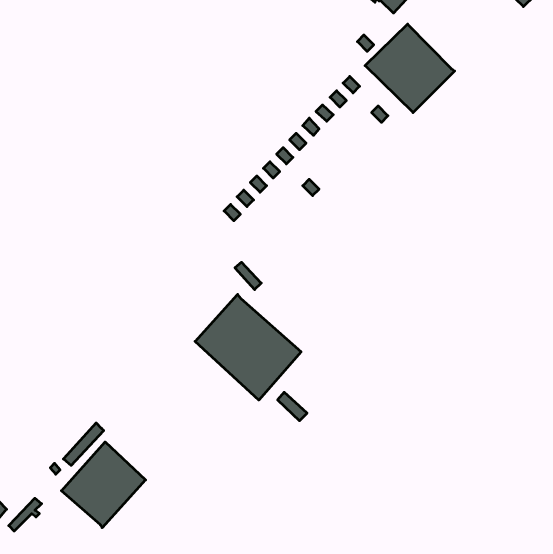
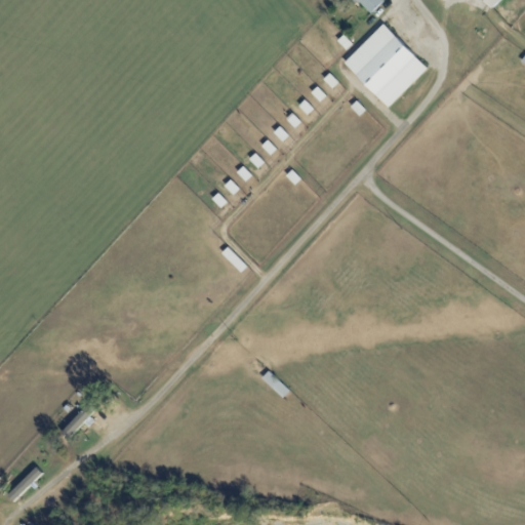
building: [195,294,301,400] -> none
building: [61,442,146,528] -> none

